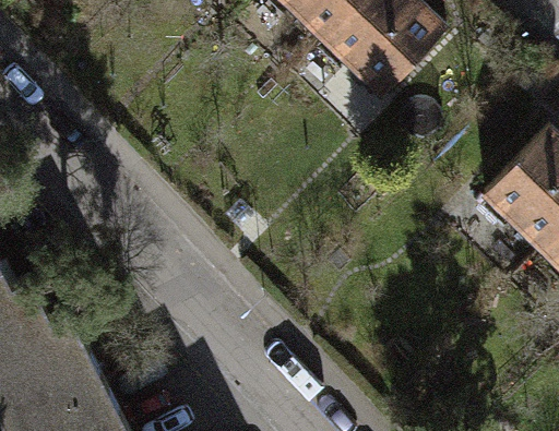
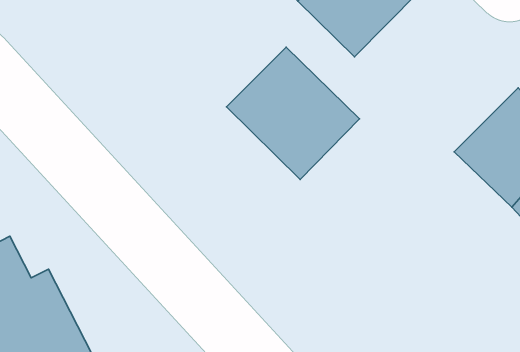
building: none -> [227,47,359,180]

